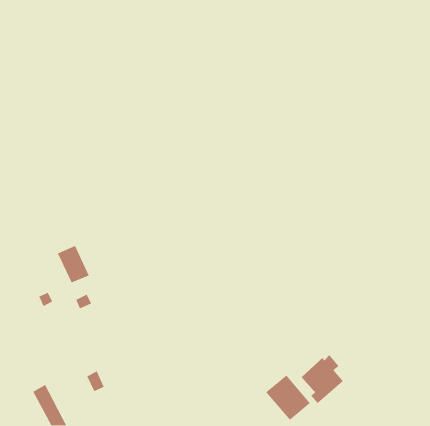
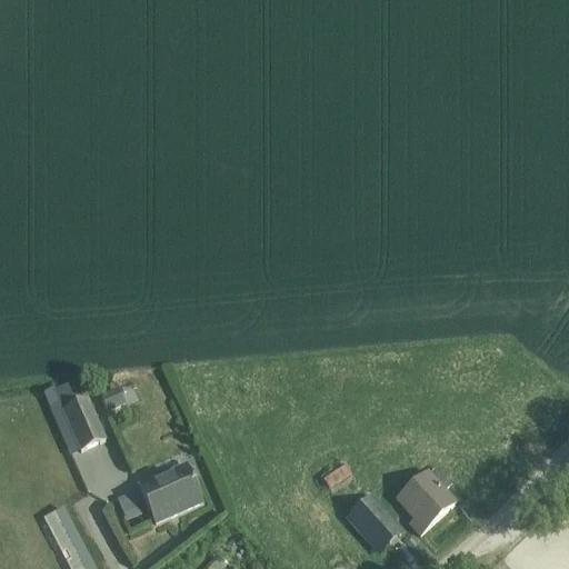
building: [57,245,90,284] -> [60,397,103,448]
building: none -> [138,463,200,520]

